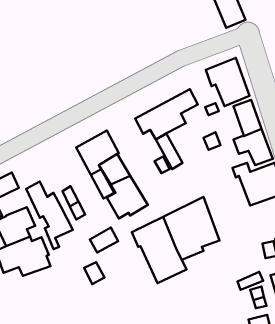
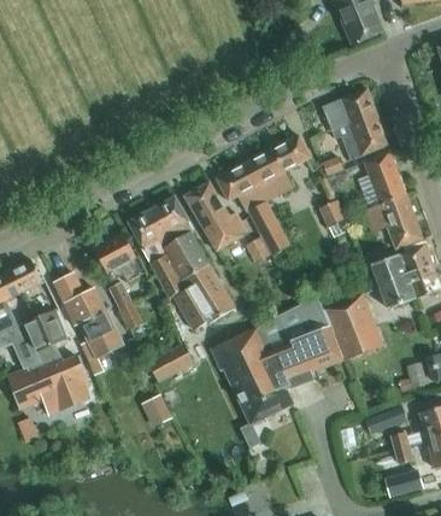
building: none -> [183,182,247,252]
building: none -> [94,234,141,280]
building: none -> [324,294,382,359]

